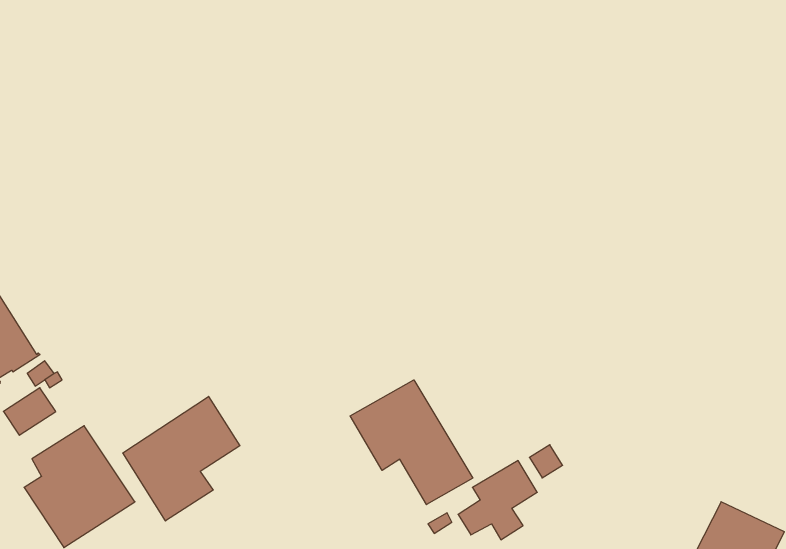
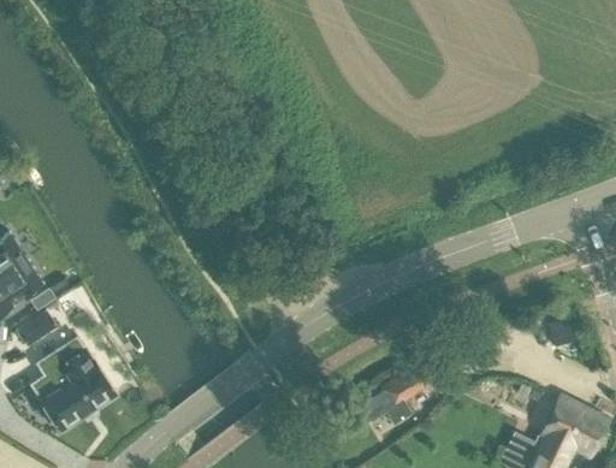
building: [350,380,473,505] -> none
building: [123,396,240,521] -> none

